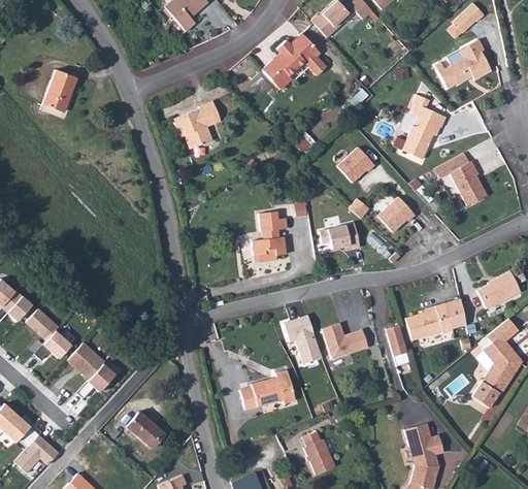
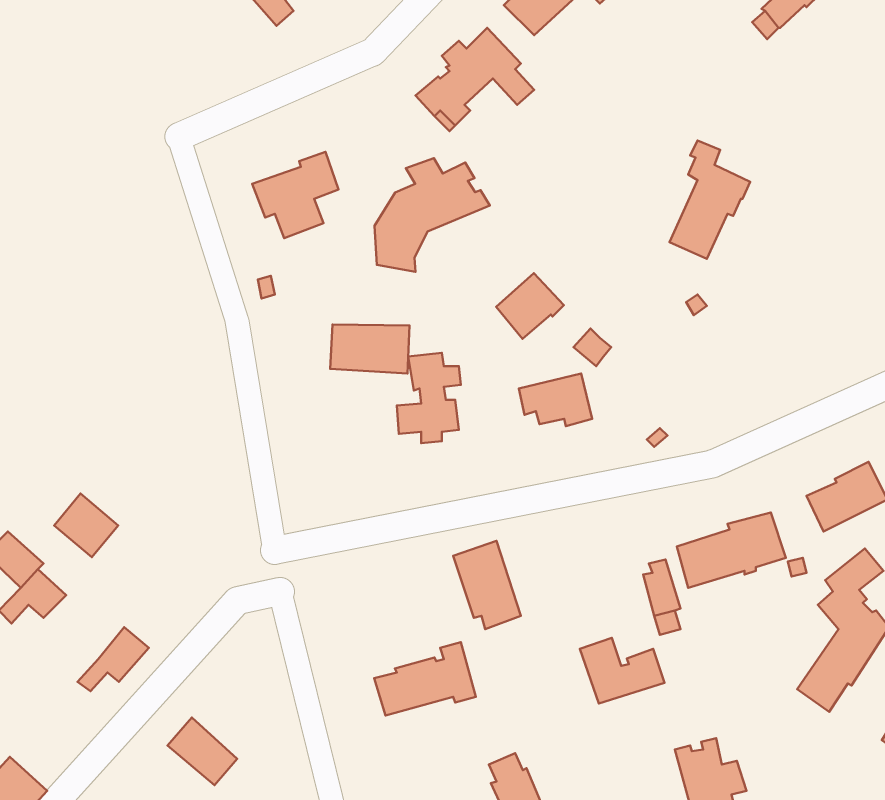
building: [434,39,491,89] -> none
building: [42,70,76,112] -> none
building: none -> [374,158,490,272]
building: [337,148,374,184] -> [496,273,564,339]
building: [437,153,487,206] -> none
building: none -> [330,325,409,373]
building: [377,197,416,233] -> none
building: [322,323,368,359] -> [580,638,665,703]
building: [67,345,102,380] -> [54,493,118,557]

